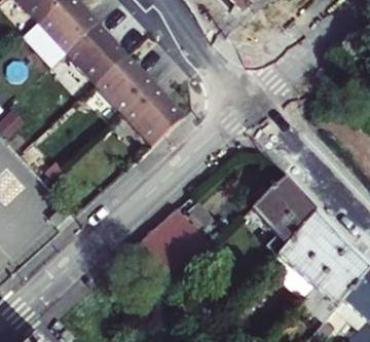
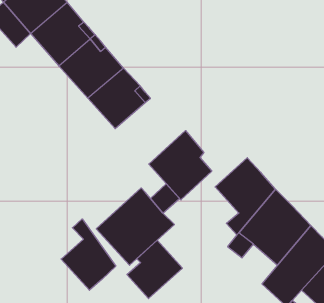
building: none -> [149,131,212,200]
building: none -> [61,219,116,290]
building: none -> [127,240,182,299]

